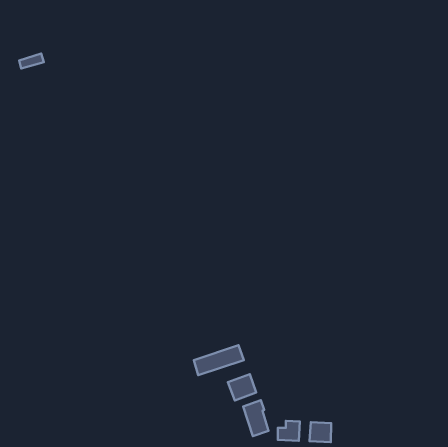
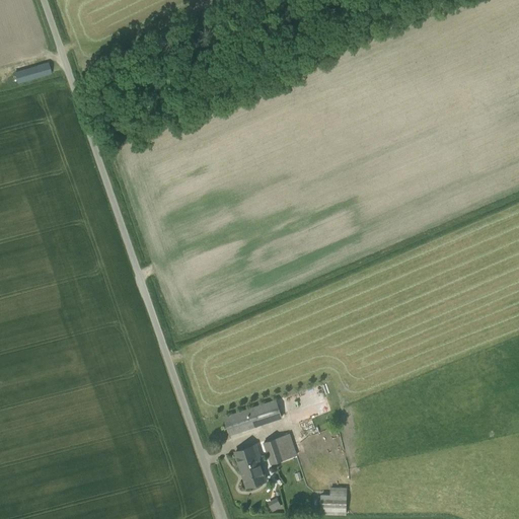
building: [243,400,269,436] -> [235,444,265,486]
building: [310,422,331,442] -> none

